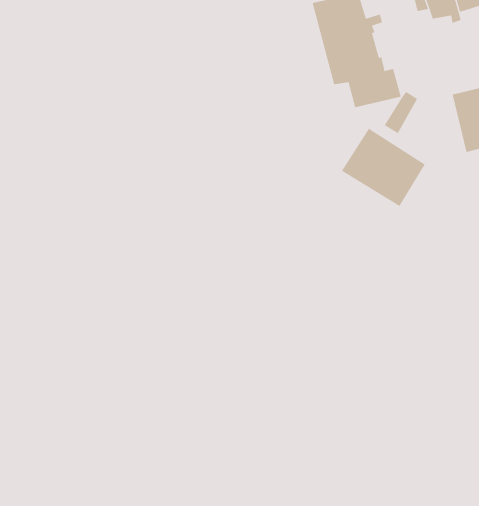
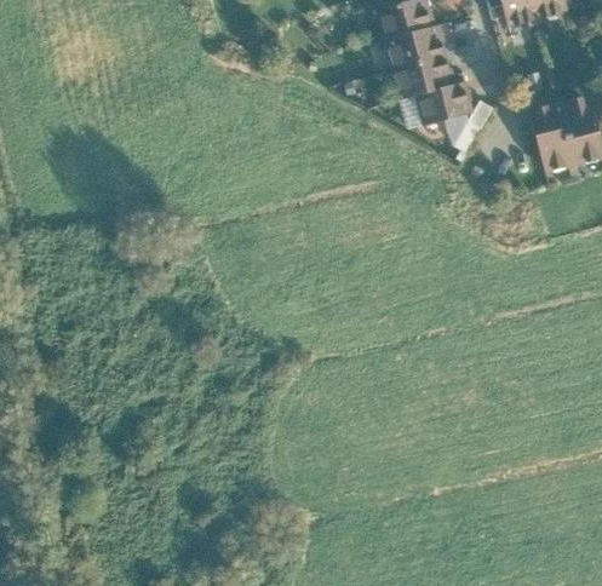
building: [341,128,426,207] -> none

